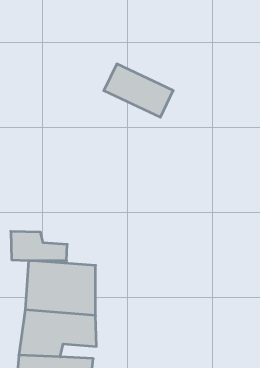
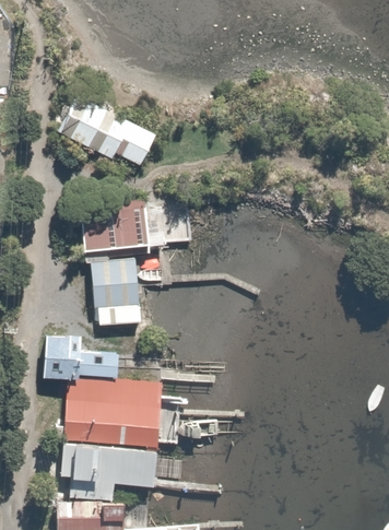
building: [104,64,173,117] -> [58,92,152,164]
building: none -> [81,208,160,261]
building: none -> [89,262,138,329]

